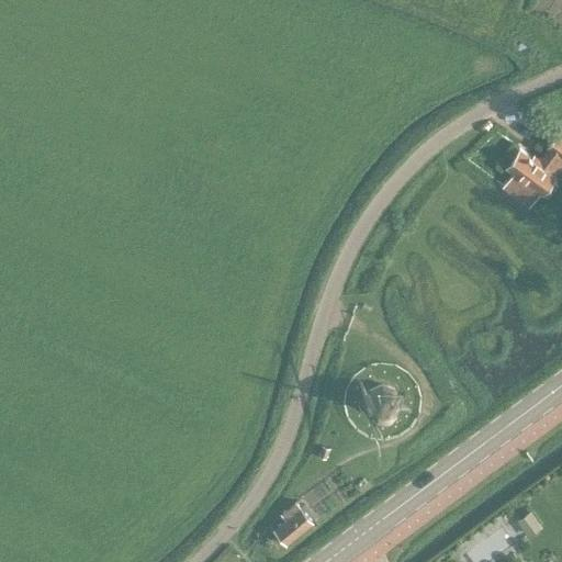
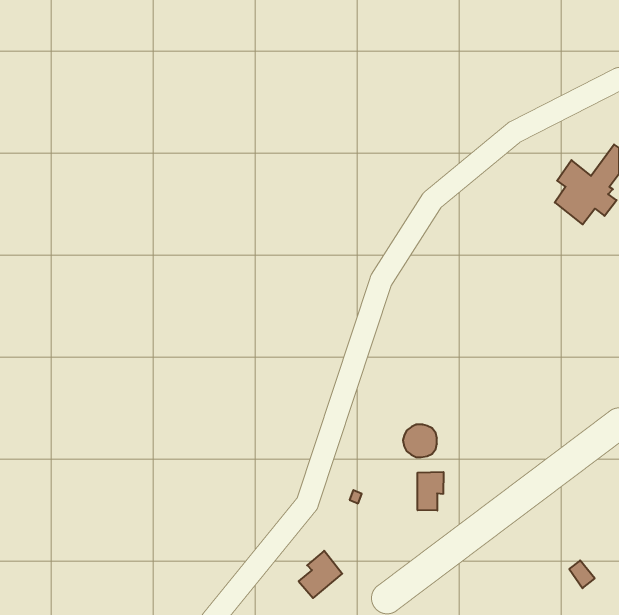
building: none -> [418,472,443,511]

